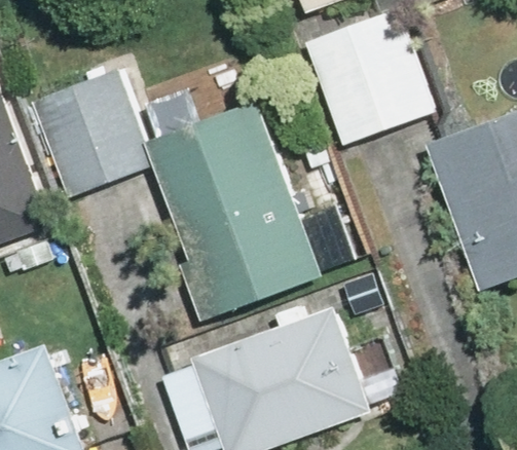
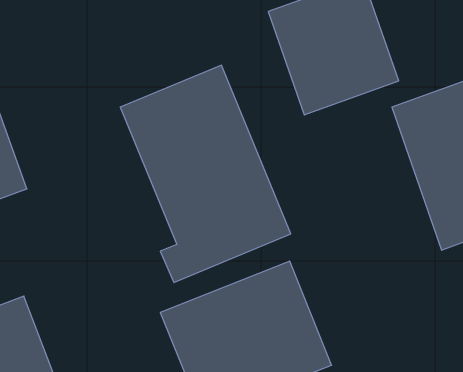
building: [26,57,145,201] -> none

